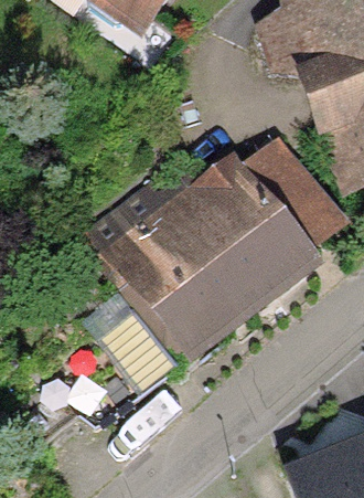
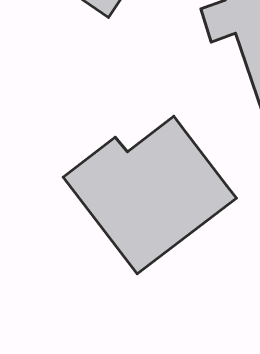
building: [234,145,326,246] -> none

